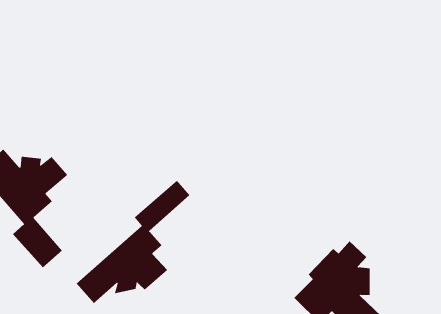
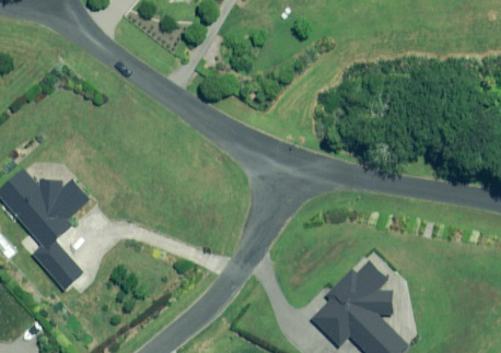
building: [76,180,190,304] -> none

